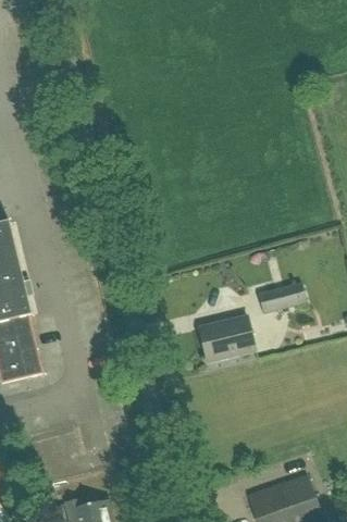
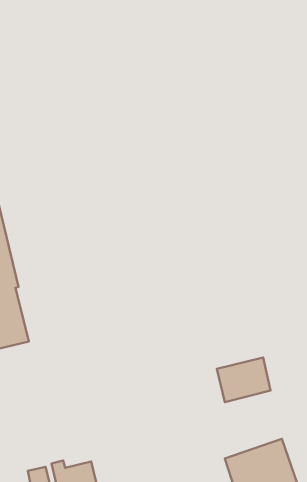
building: [257,283,305,314] -> none
building: [197,315,253,362] -> [217,358,271,402]

